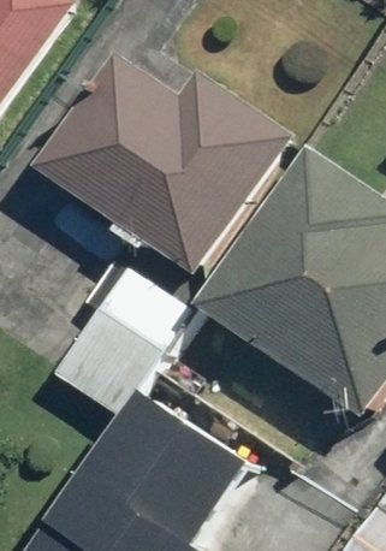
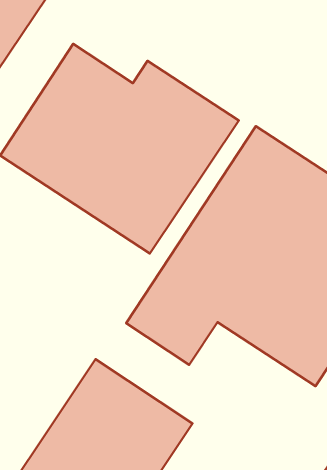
building: [42,257,184,413] -> none

